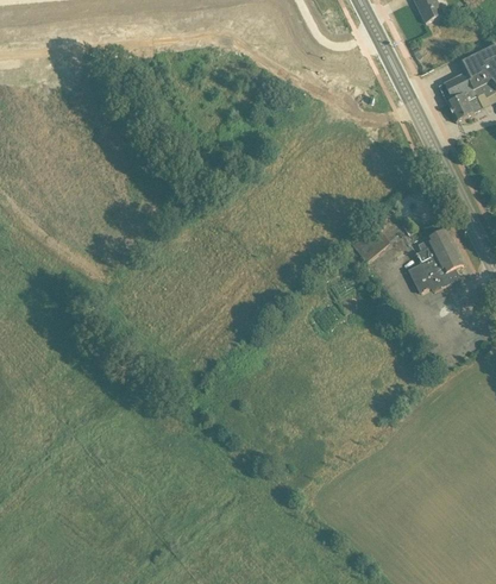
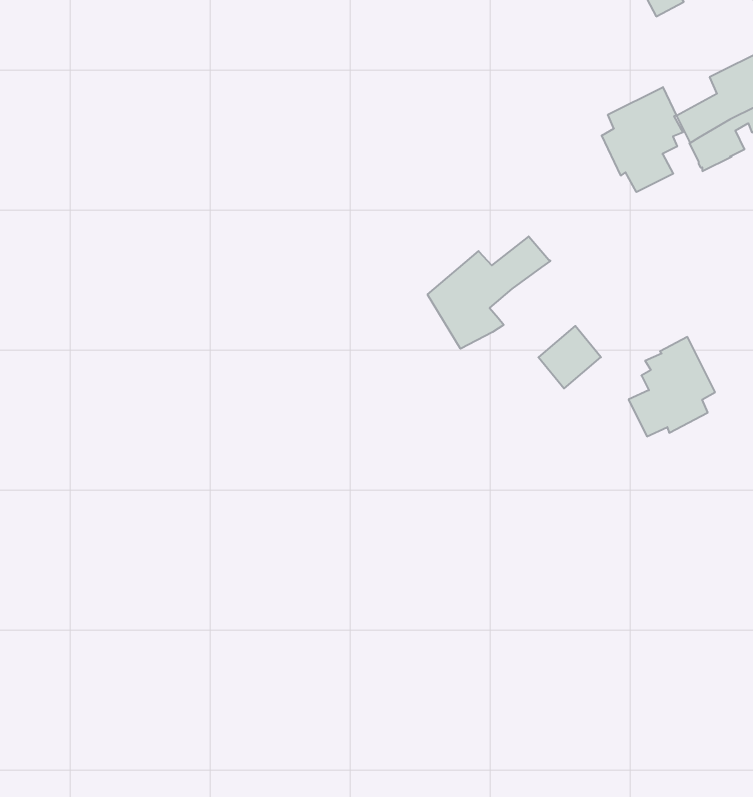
building: none -> [602,87,683,192]
building: none -> [428,236,550,349]

